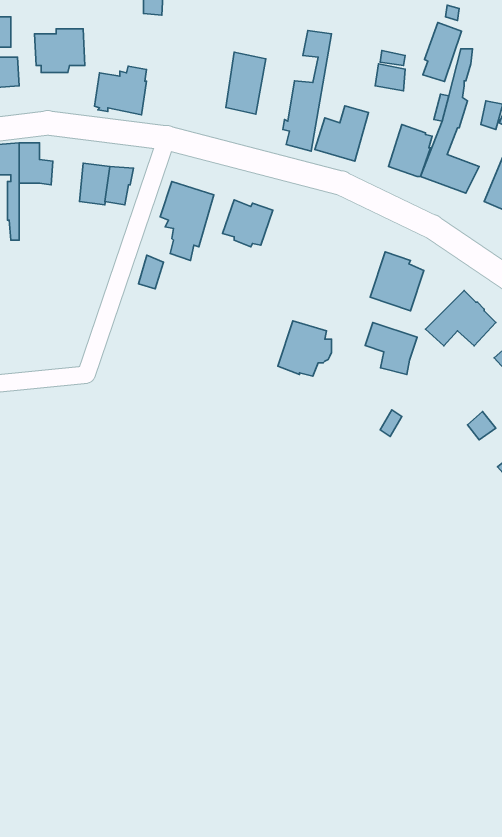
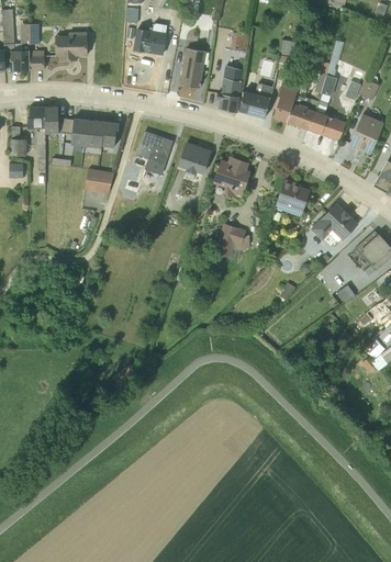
building: [423,23,461,81] -> [272,83,298,122]
building: [95,66,147,115] -> [133,23,167,55]
building: none -> [66,119,87,145]
building: none -> [213,156,250,199]
building: none -> [86,168,114,192]
building: [365,322,417,374] -> none

